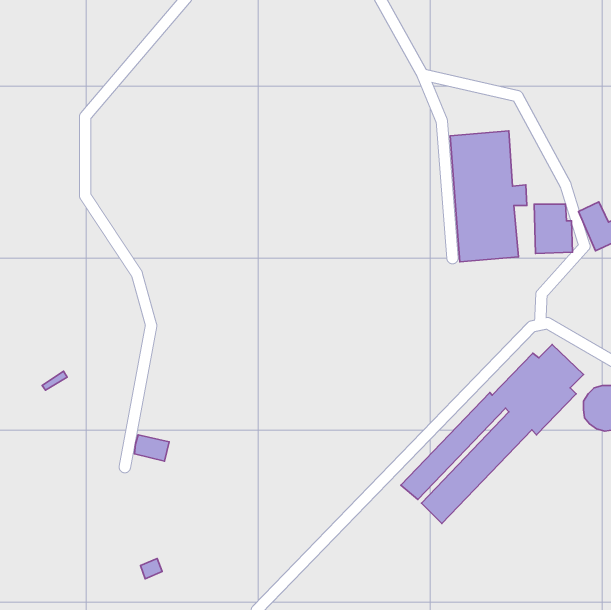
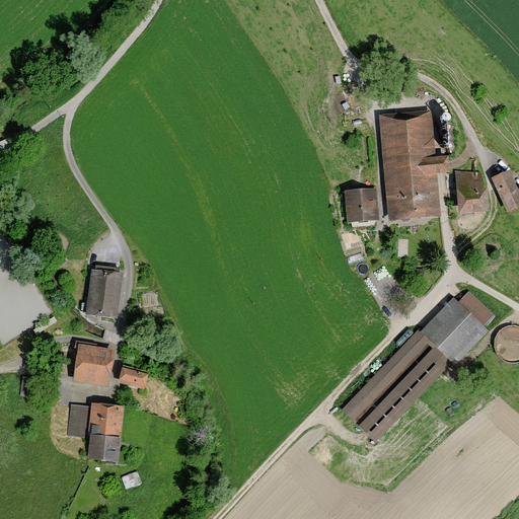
building: none -> [342,189,377,223]
building: none -> [84,266,122,319]
building: none -> [69,341,112,386]
building: none -> [68,402,123,460]

